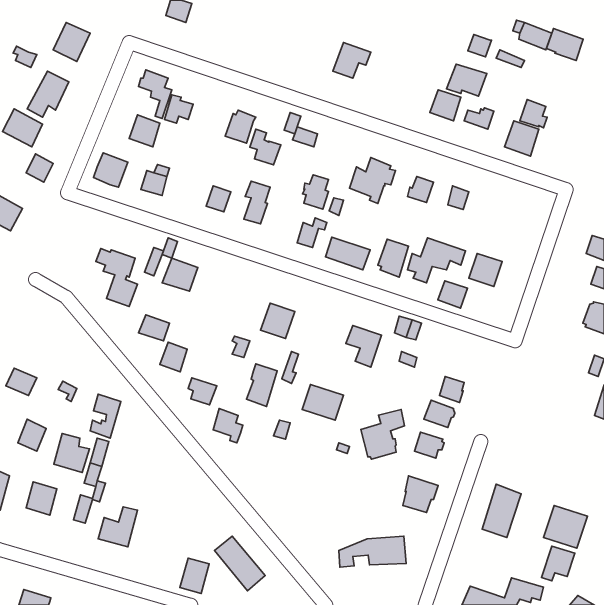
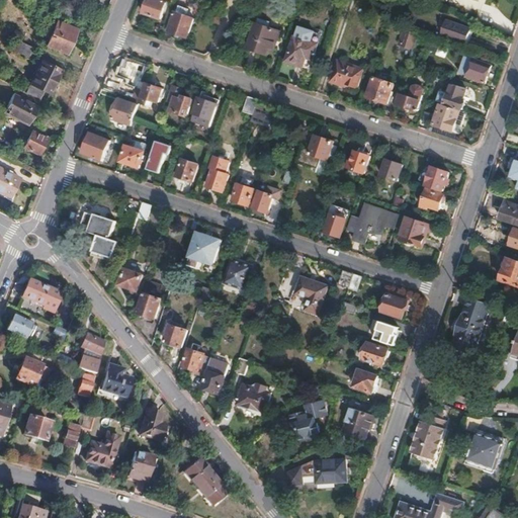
building: none -> [169,5,193,31]
building: none -> [246,16,279,54]
building: [546,28,583,60] -> [459,56,491,83]
building: [447,64,487,96] -> [331,56,365,83]
building: [250,129,281,165] -> [166,85,192,115]
building: none -> [146,141,171,173]
building: [303,175,329,209] -> [231,174,253,203]
building: none -> [418,164,449,190]
building: none -> [418,188,445,209]
building: [325,237,370,270] -> none
building: [162,258,198,291] -> [189,234,220,262]
building: [438,281,468,308] -> [381,294,407,318]
building: none -> [22,279,60,311]
building: none -> [451,296,490,353]
building: [246,364,277,406] -> [201,357,228,394]
building: [302,385,344,420] -> [235,383,270,414]
building: [361,409,405,459] -> [289,399,327,441]
building: [54,433,89,473] -> [100,364,131,398]
building: none -> [138,409,163,440]
building: [541,546,575,581] -> none
building: [180,558,209,594] -> [126,451,152,482]

